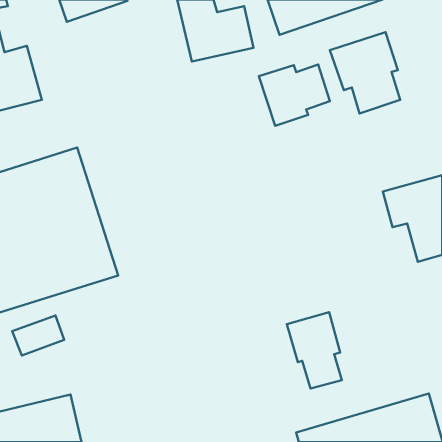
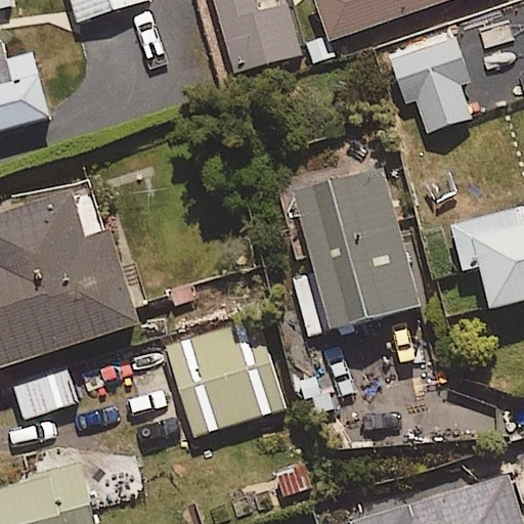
building: [259,64,330,126] -> none
building: none -> [292,169,421,339]
building: none -> [165,318,283,436]
building: [287,312,342,388] -> none

